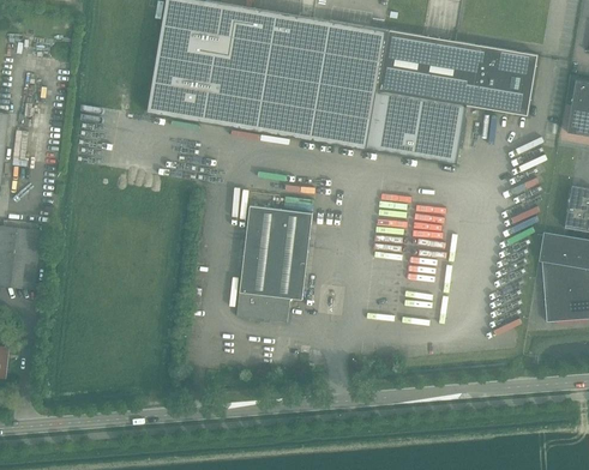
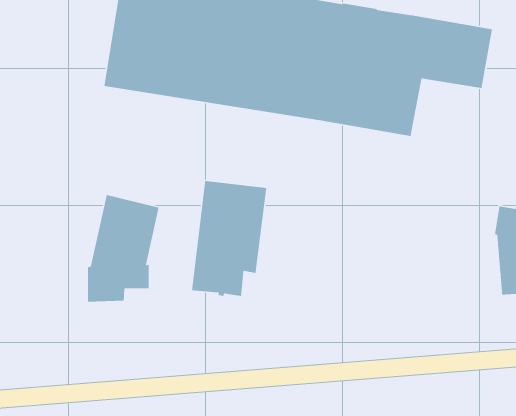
building: none -> [87,194,159,302]

